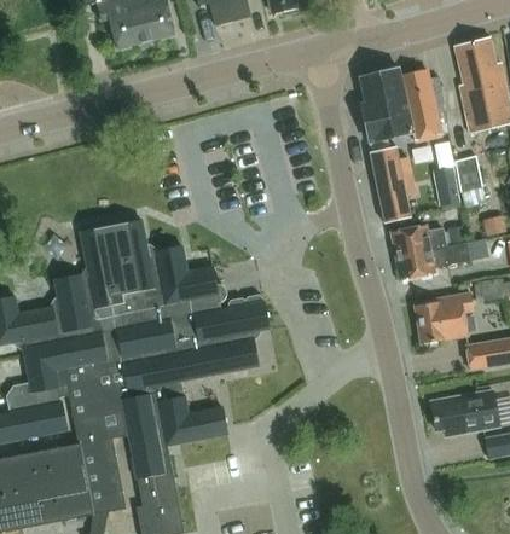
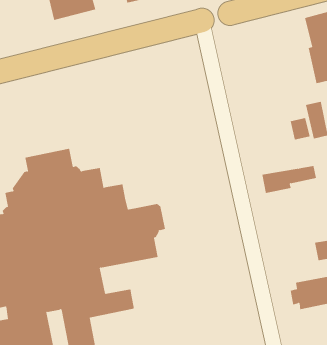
building: [360,66,441,141] -> none
building: [369,145,417,221] -> none
building: [392,224,446,254] -> none
building: [415,291,474,342] -> none

